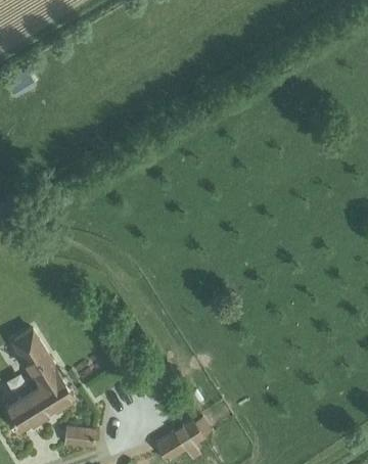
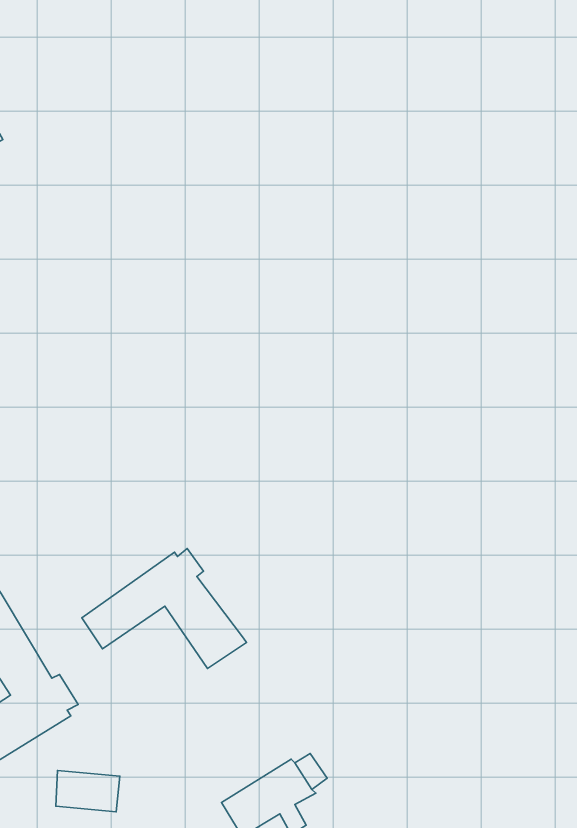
building: none -> [82,549,247,669]

